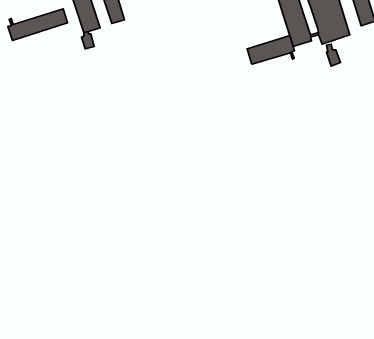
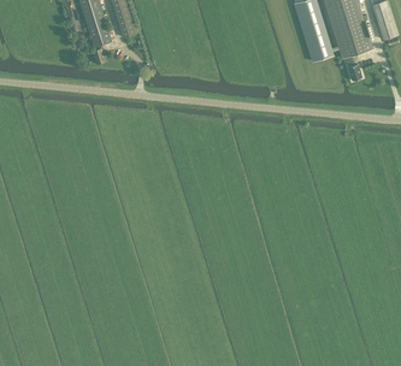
building: [8,9,68,41] -> none
building: [247,36,295,64] -> none

